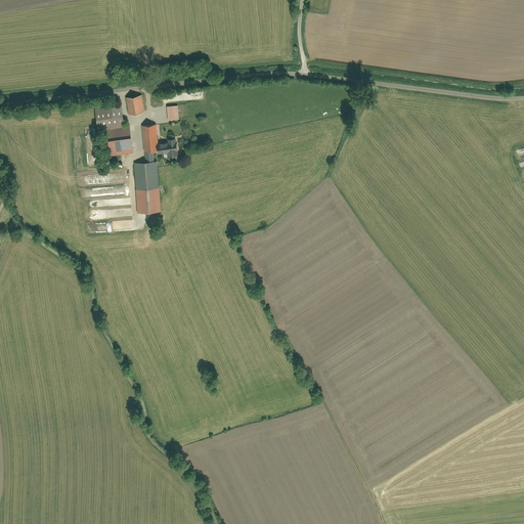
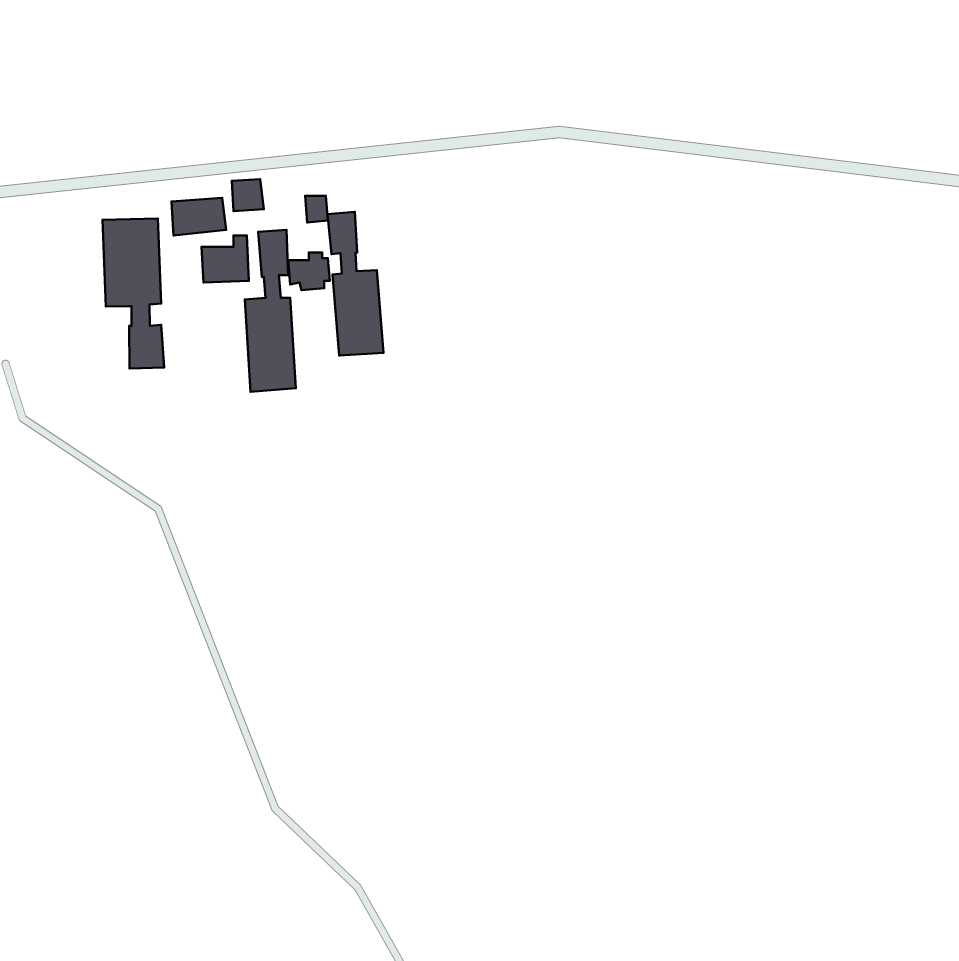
building: none -> [327,212,383,356]
building: none -> [103,218,164,369]

